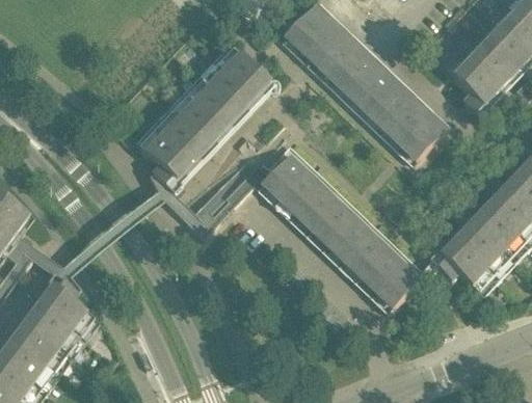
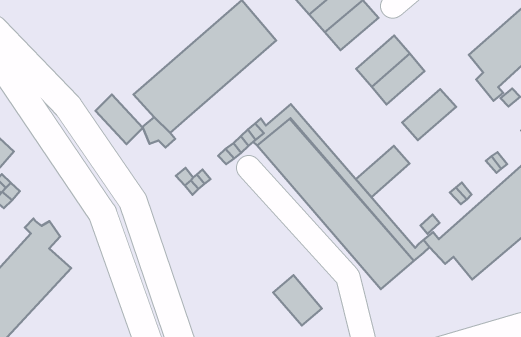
building: [329,51,379,102] -> none
building: [378,98,428,149] -> [356,146,410,197]
building: none -> [95,94,143,144]
building: none -> [273,275,322,326]

